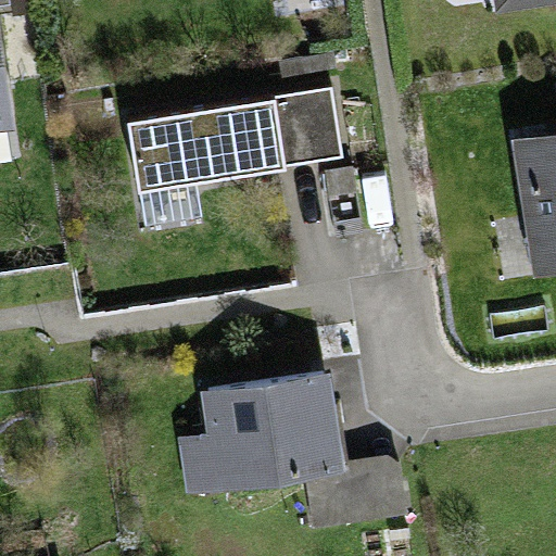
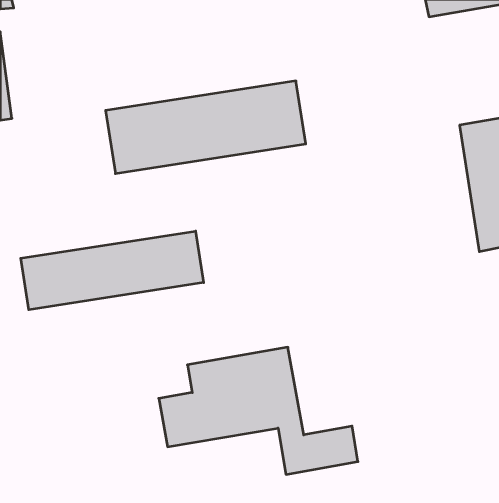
building: none -> [21,231,204,310]

